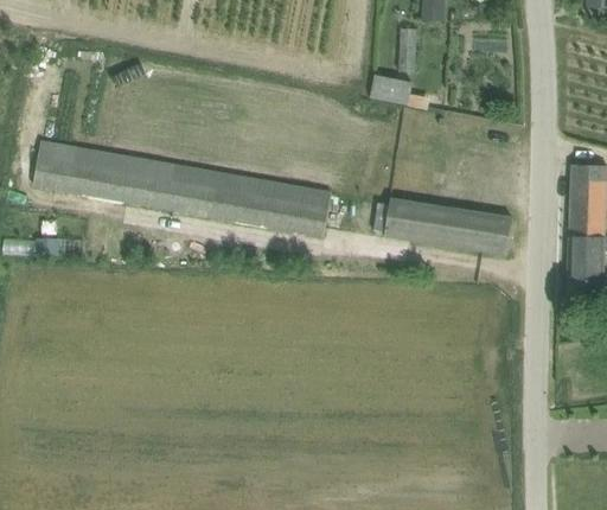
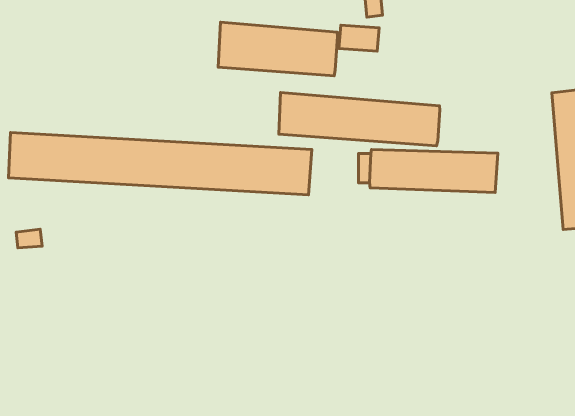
building: none -> [218,22,337,76]
building: none -> [279,93,440,146]

